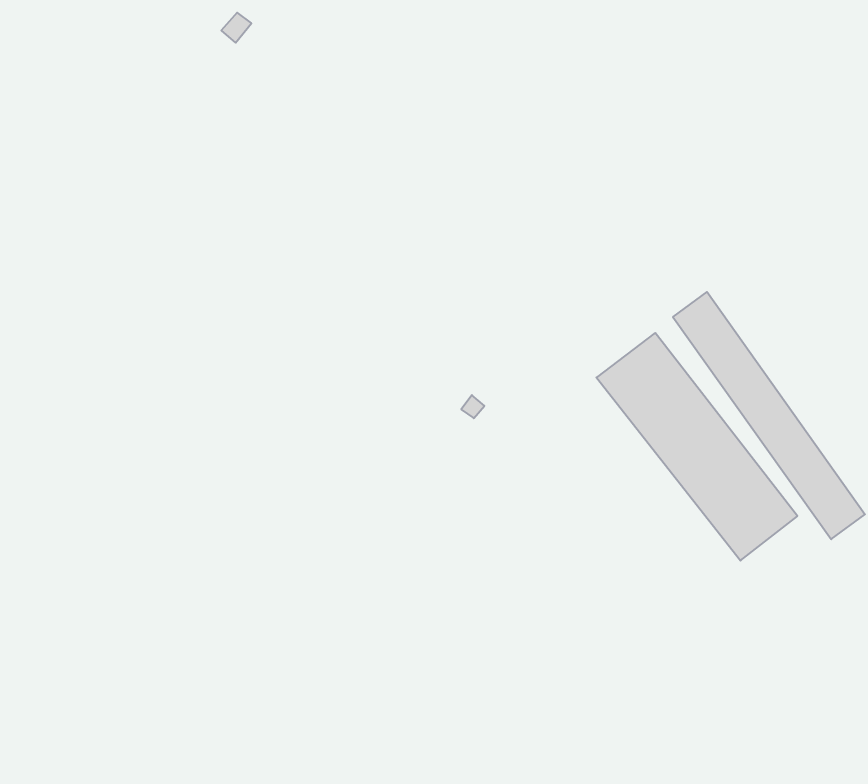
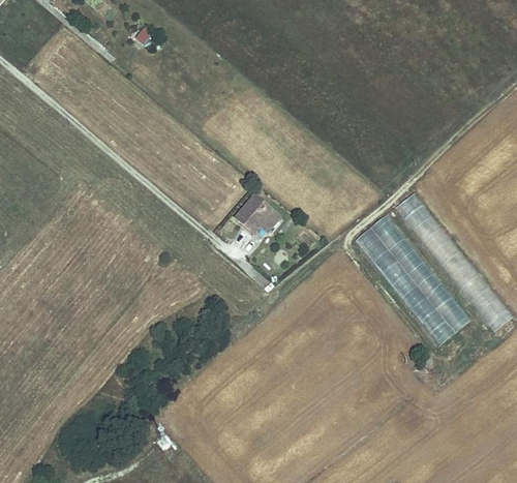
building: none -> [239,193,283,233]

